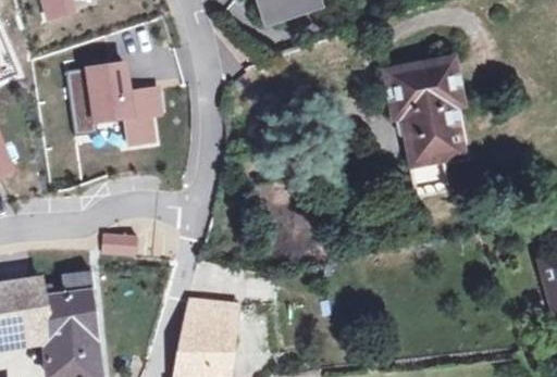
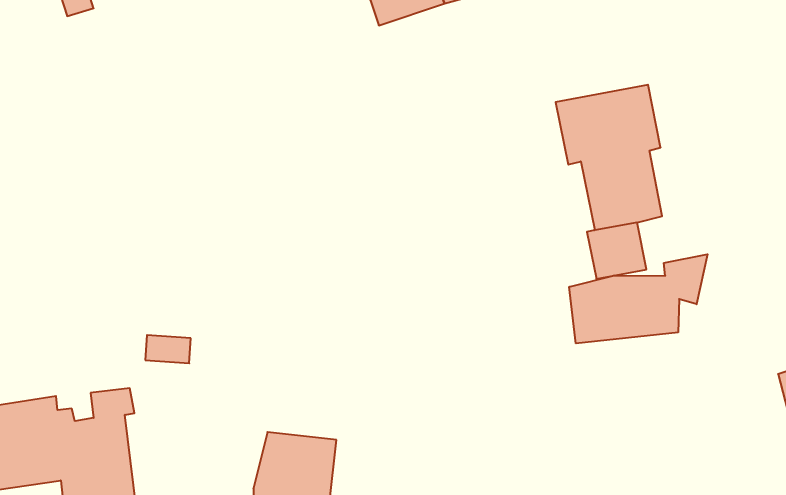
building: [69,62,161,142] -> none
building: none -> [569,254,708,343]

